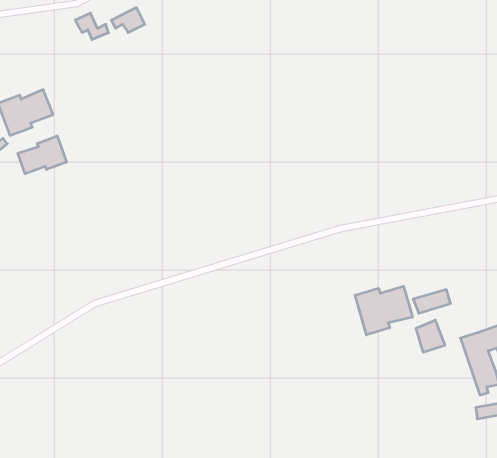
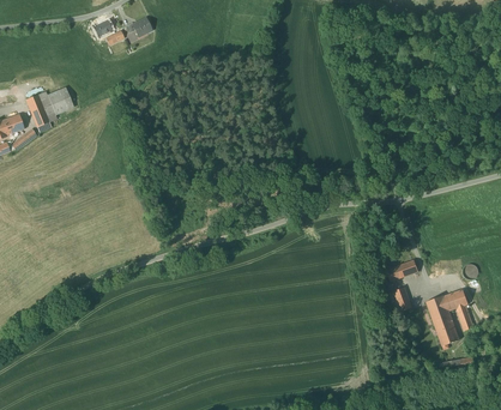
building: [18,136,67,174] -> none
building: [355,286,412,335] -> none

